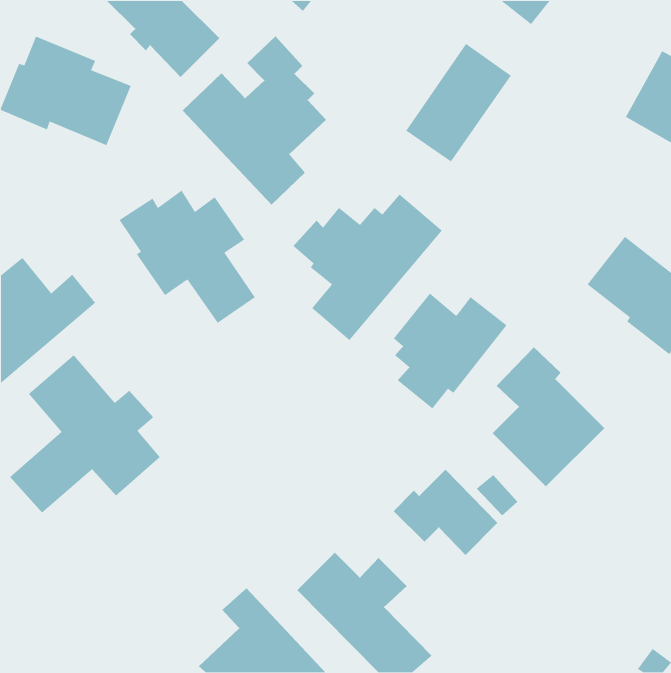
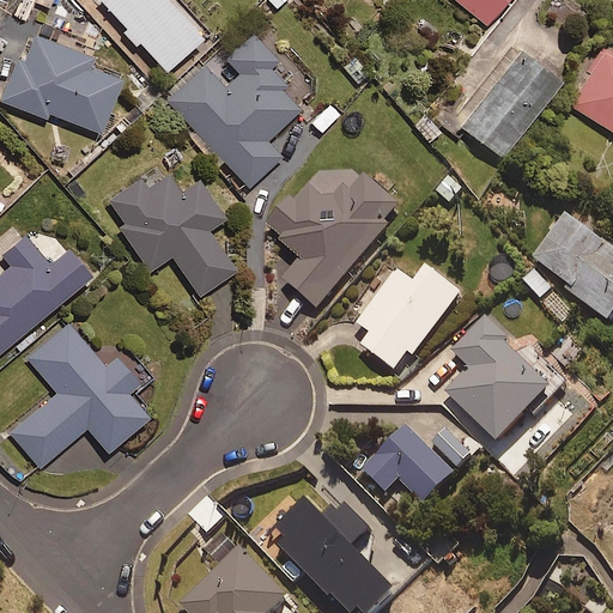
building: [405,43,512,163] -> [460,47,557,156]

